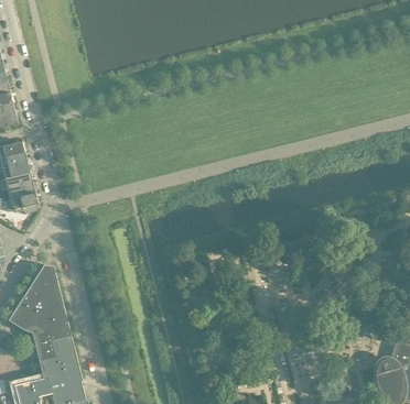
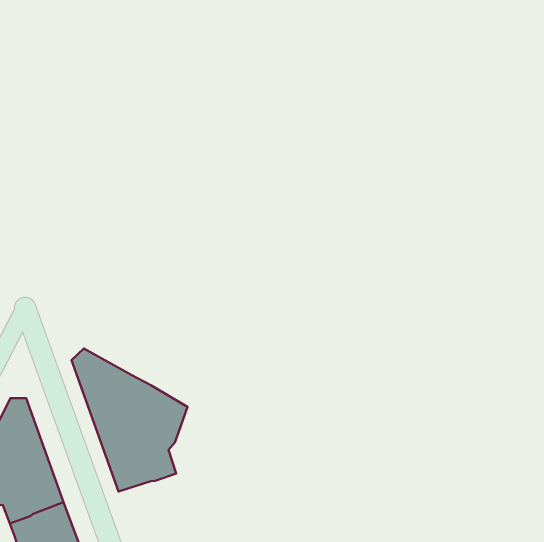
building: none -> [72,349,187,491]

